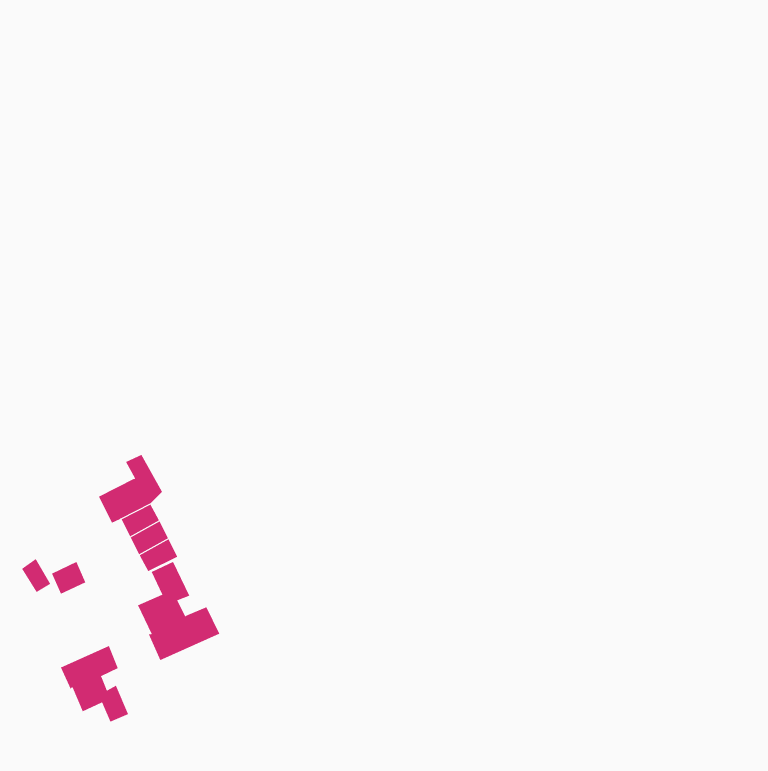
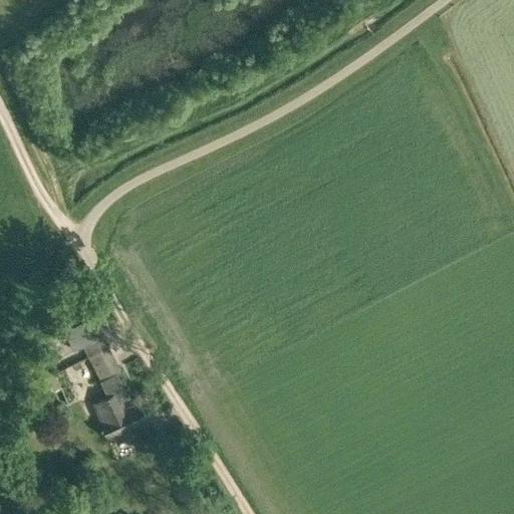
building: [60,645,129,722] -> none

